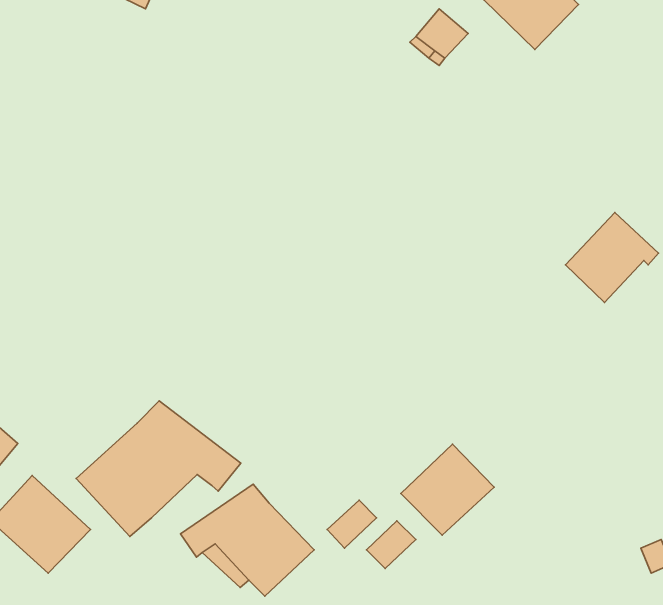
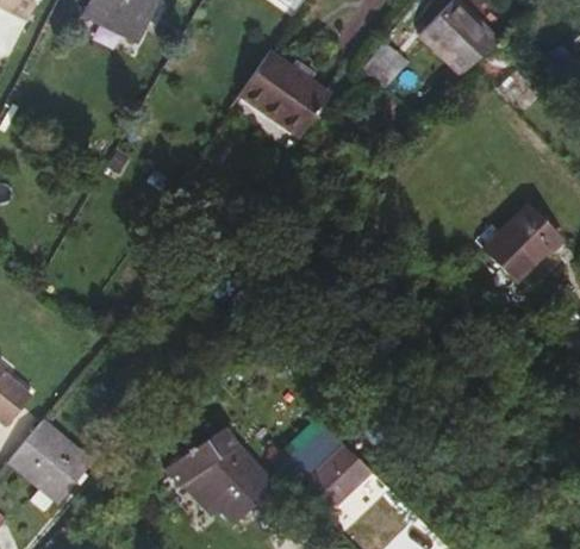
building: none -> [241,52,332,137]
building: [76,401,241,537] -> none
building: [401,444,494,535] -> none

